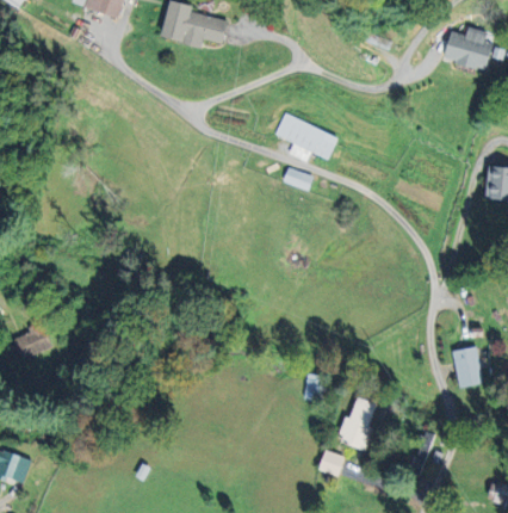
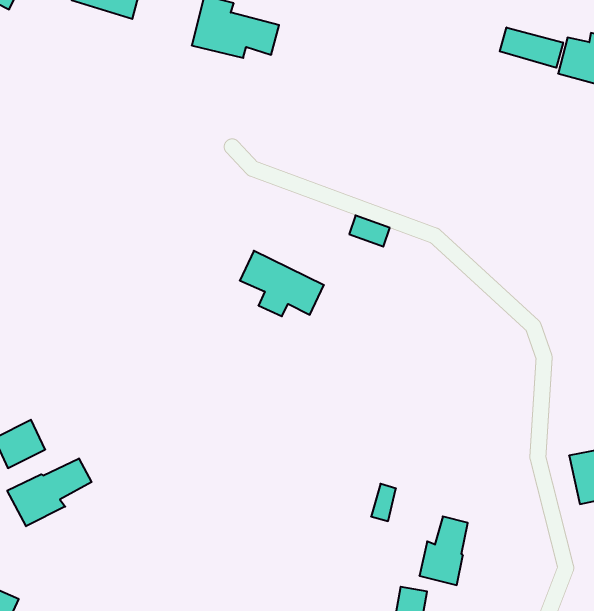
building: none -> [500,27,563,68]
building: [273,112,337,162] -> [240,251,324,316]
building: none -> [7,458,92,526]

